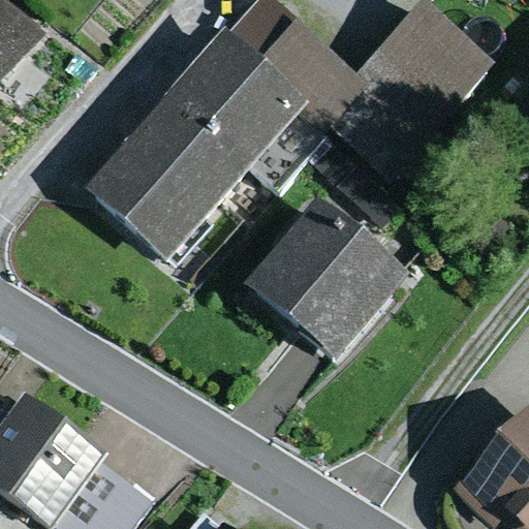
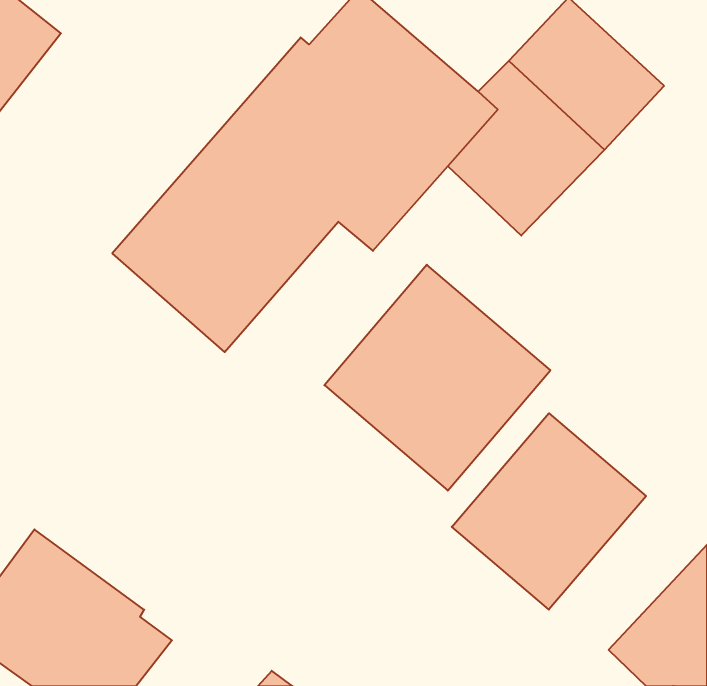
building: none -> [452,413,646,610]

